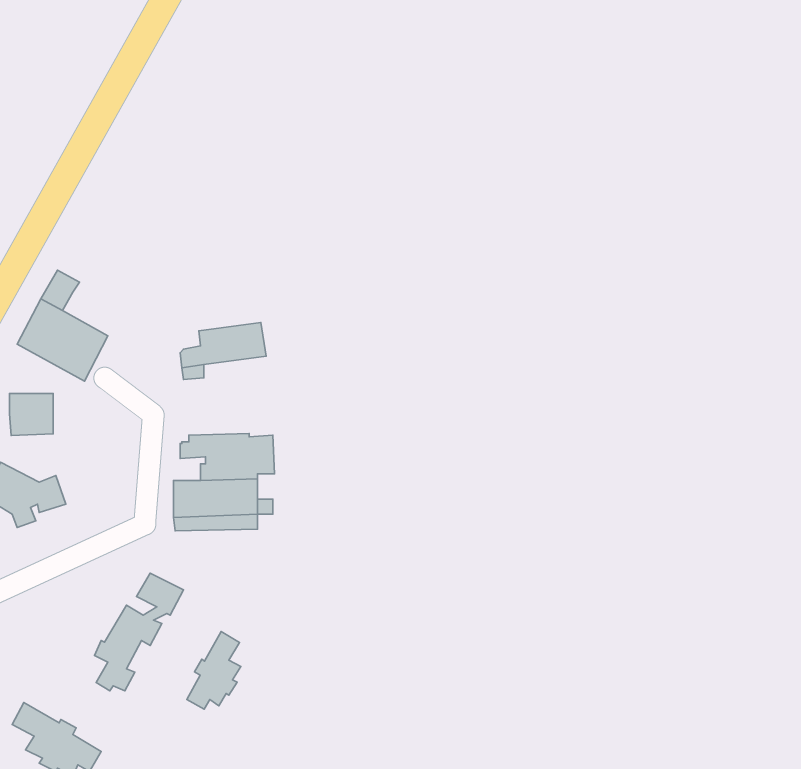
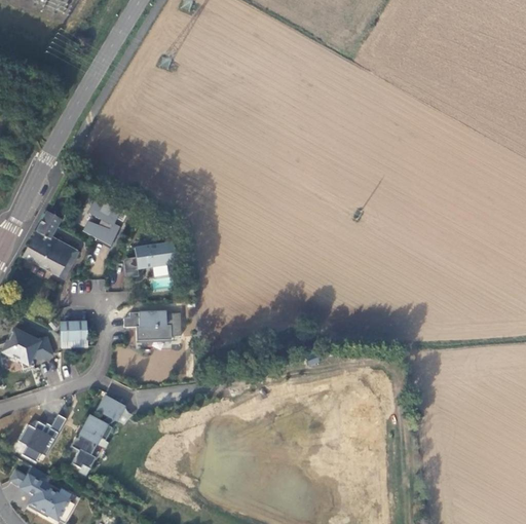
building: none -> [83,192,129,245]
building: [9,394,53,436] -> [61,321,87,346]
building: none -> [21,412,66,459]
building: [187,632,241,709] -> none

